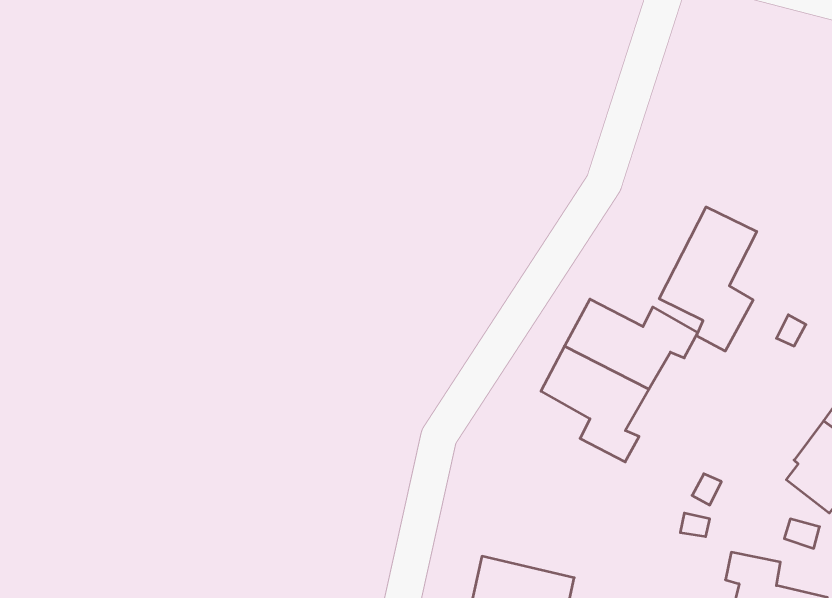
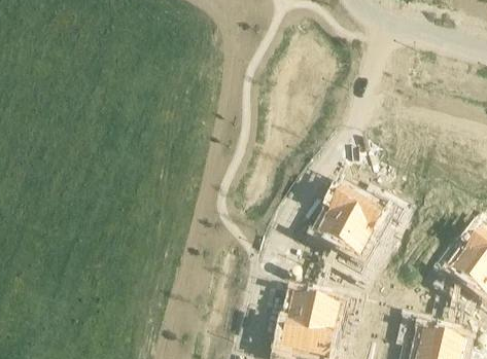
building: [659,207,757,351] -> none
building: none -> [286,285,351,327]

